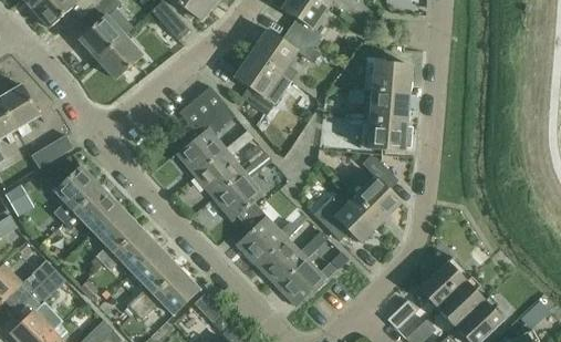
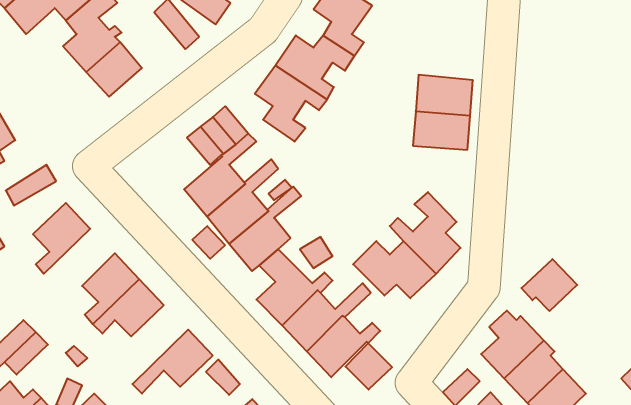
building: [361,118,407,152] -> none
building: [63,186,121,232] -> none
building: none -> [521,259,577,311]
building: [128,248,180,312] -> none
building: none -> [345,343,392,390]

